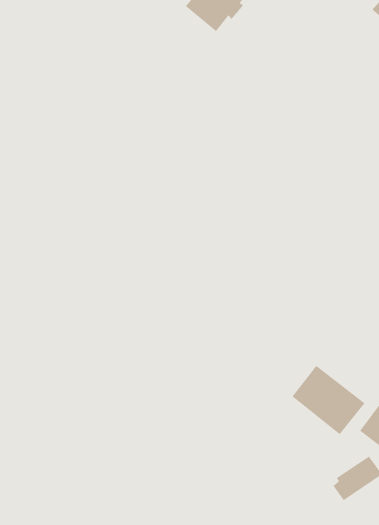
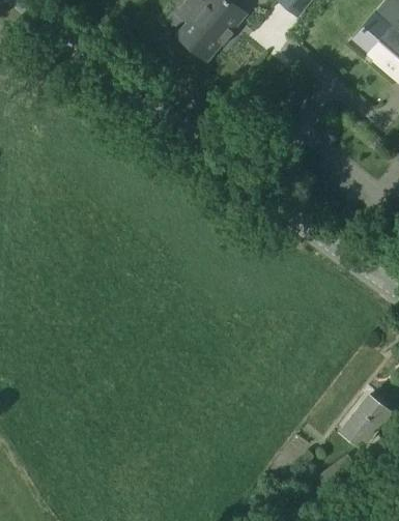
building: [292,365,366,435] -> none

